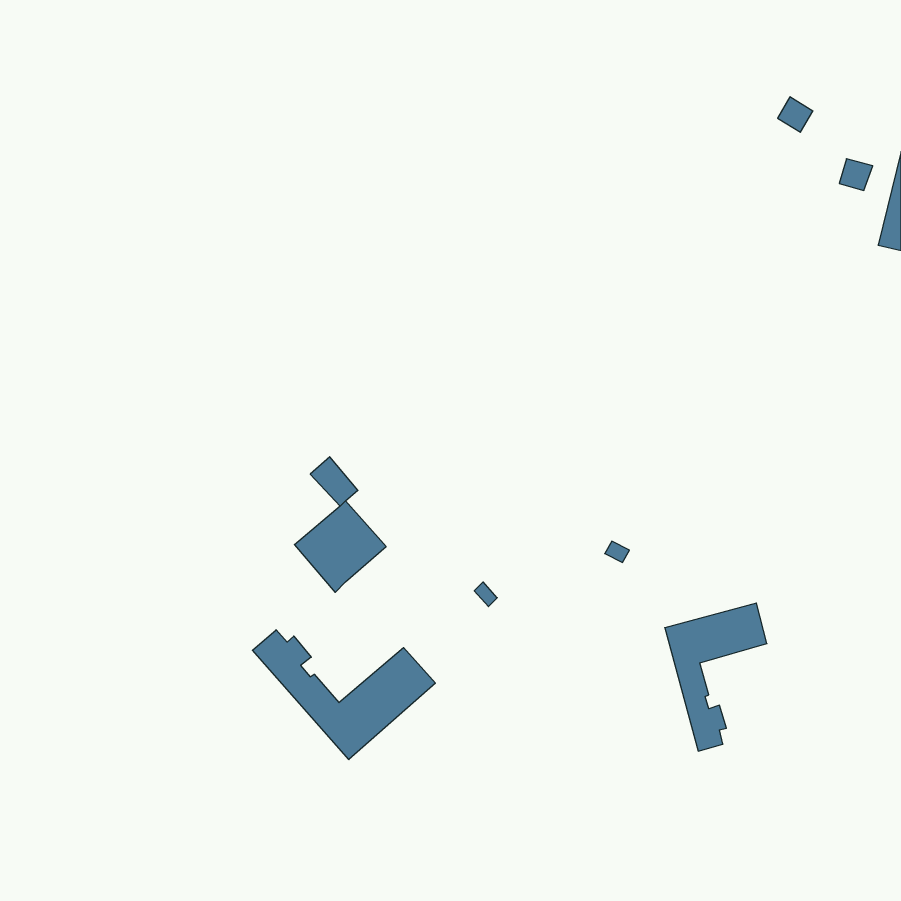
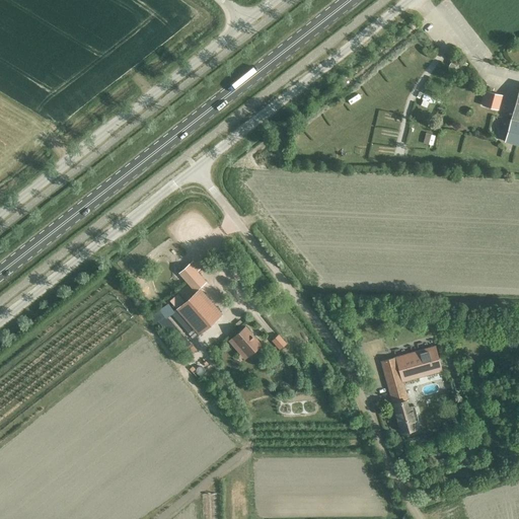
building: none -> [229,326,261,356]
building: [252,630,435,760] -> none

